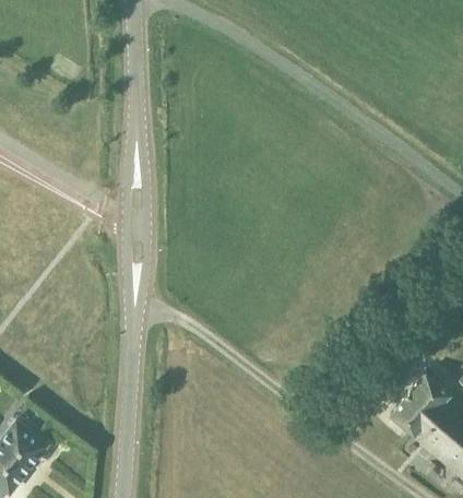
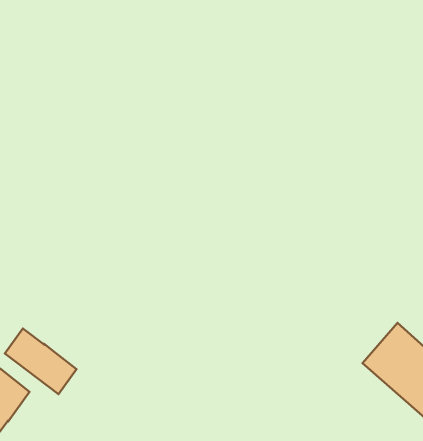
building: none -> [5,328,77,394]

